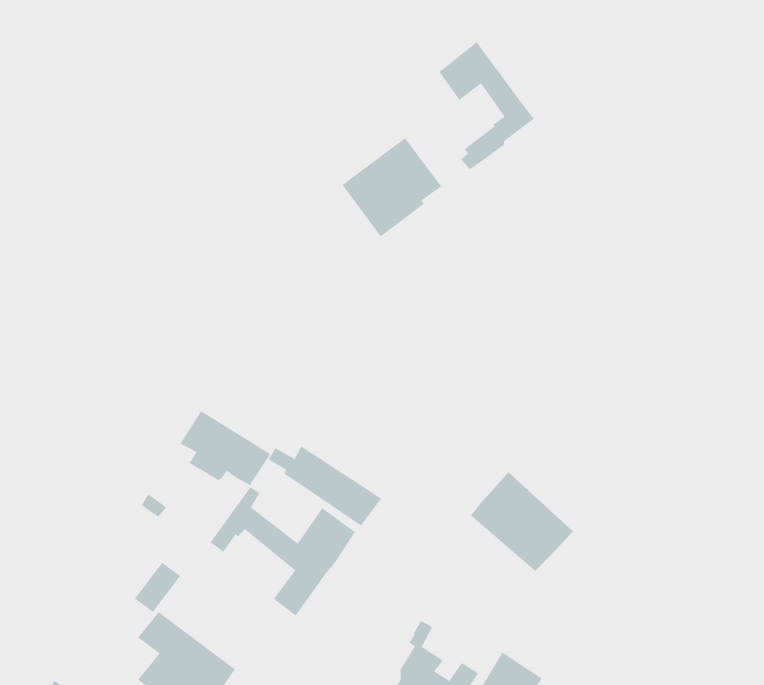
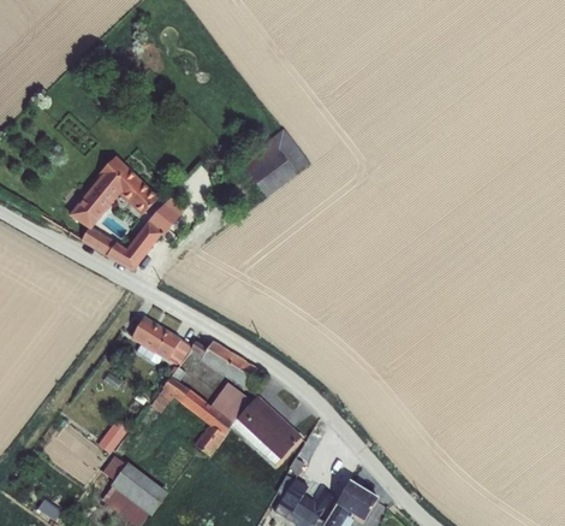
building: [438,41,535,170] -> none
building: none -> [70,153,186,271]
building: [470,472,574,572] -> [231,395,302,463]

